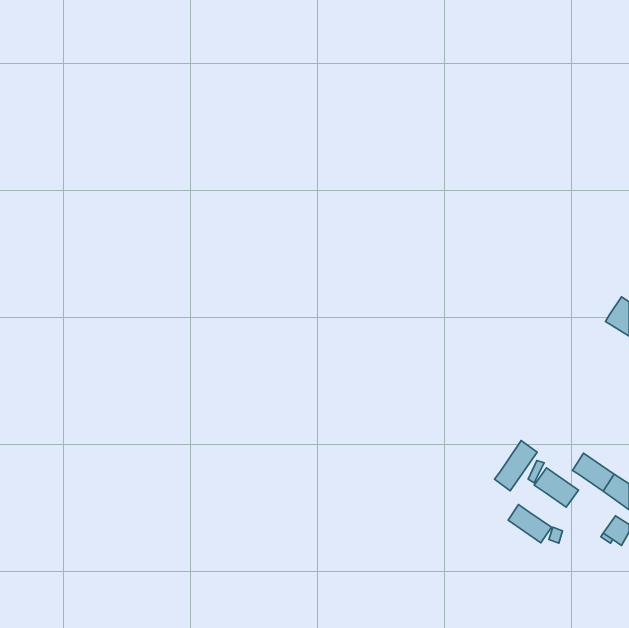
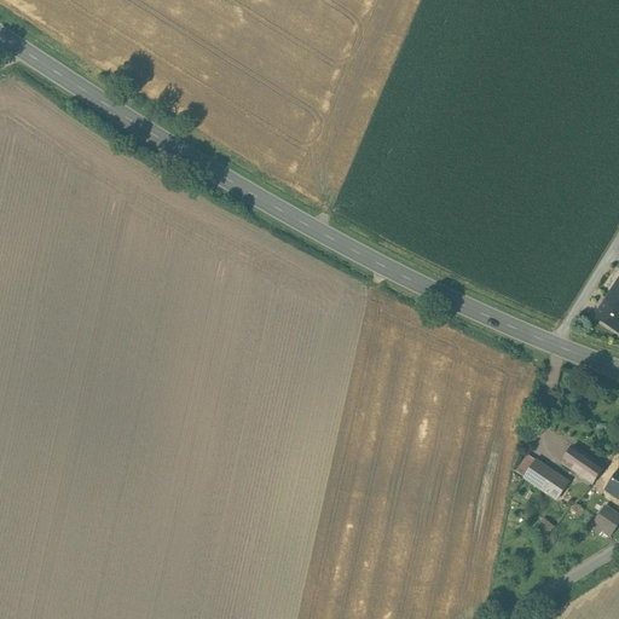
building: [494,440,537,491] -> none
building: [508,504,551,543] -> none

